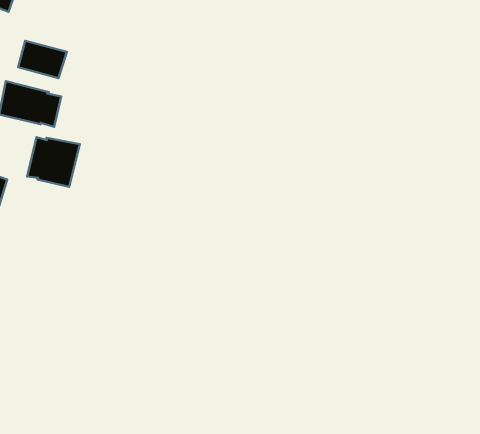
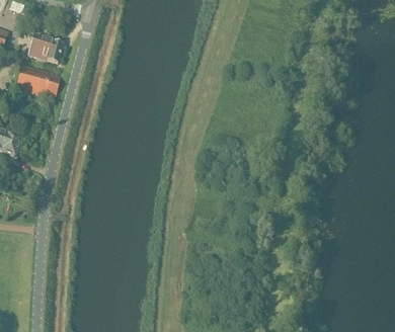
building: [27,137,80,187] -> none

